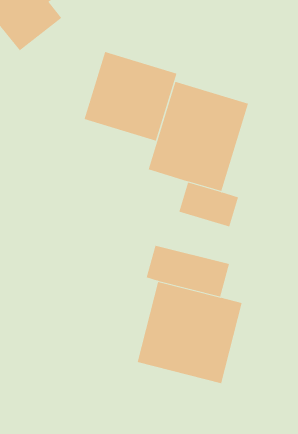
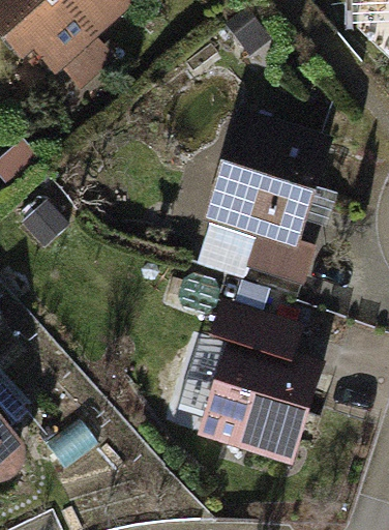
building: [84,51,177,141] -> none

